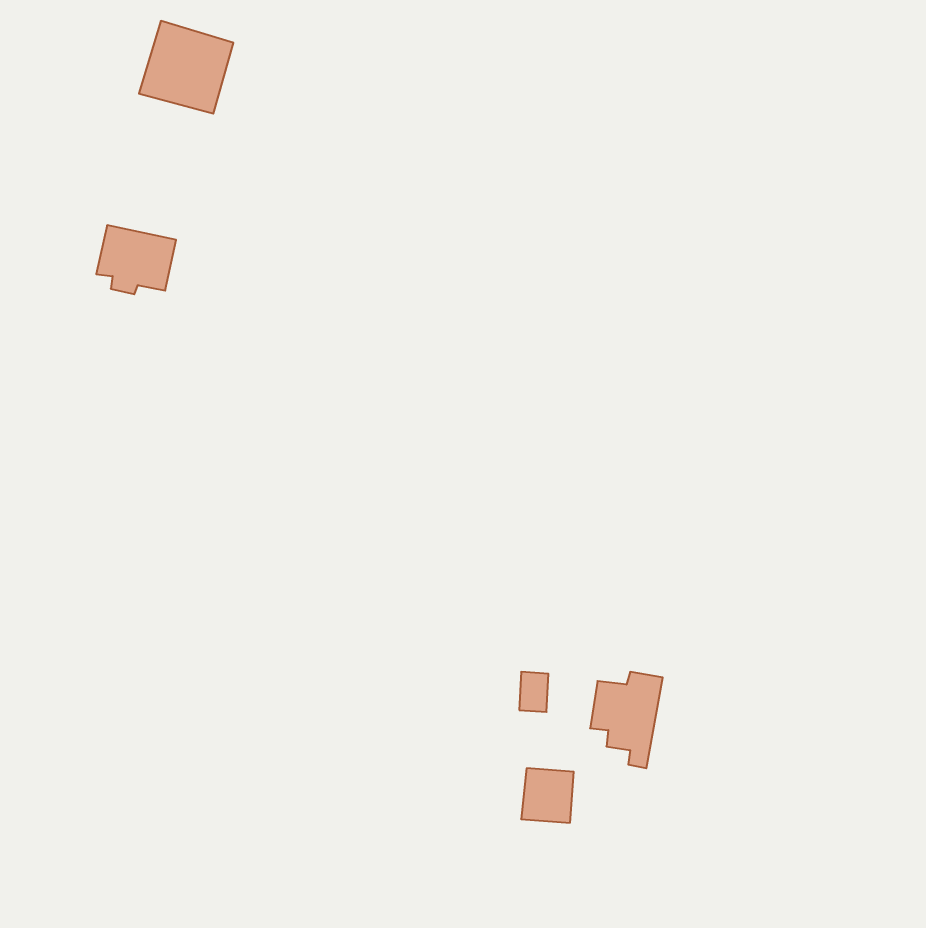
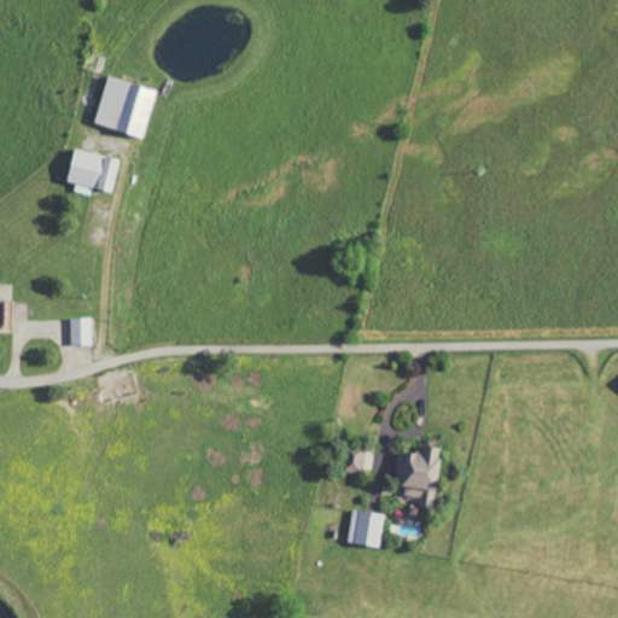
building: [139,21,233,114] -> [93,76,156,138]
building: none -> [70,319,92,345]

